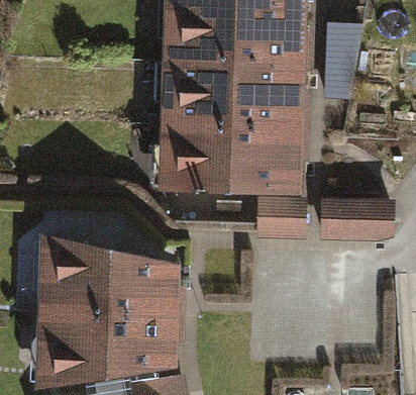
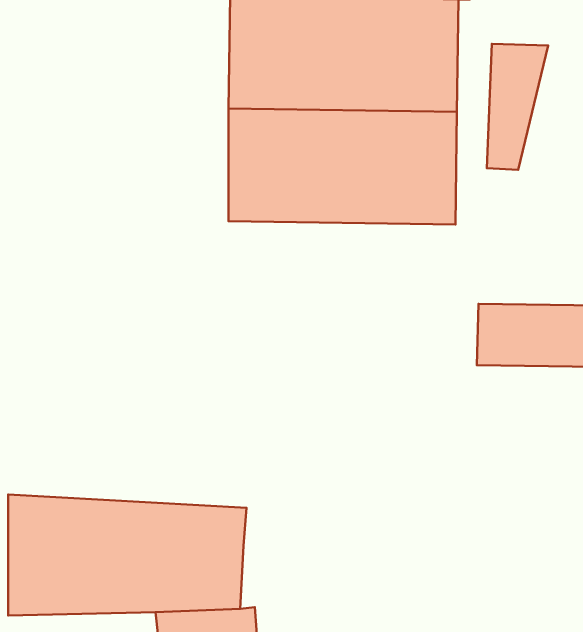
building: [166,141,305,212] -> none
building: [32,224,179,316] -> none

